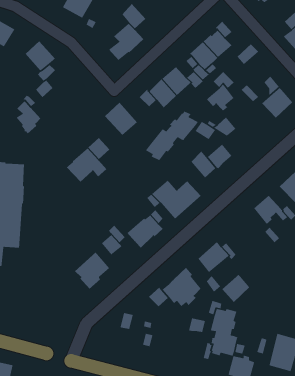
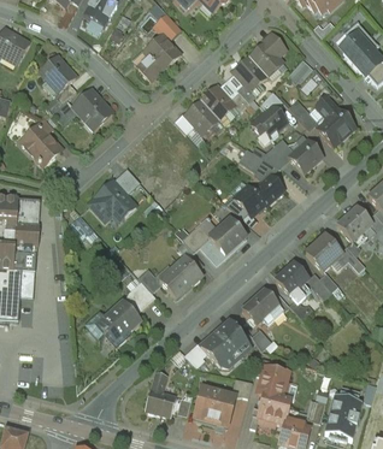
building: [104,102,138,136] -> [72,88,112,128]
building: [145,111,198,161] -> none
building: none -> [289,138,322,171]
building: [221,274,250,303] -> [275,262,308,296]
building: none -> [146,390,176,416]
building: none -> [193,390,232,430]

